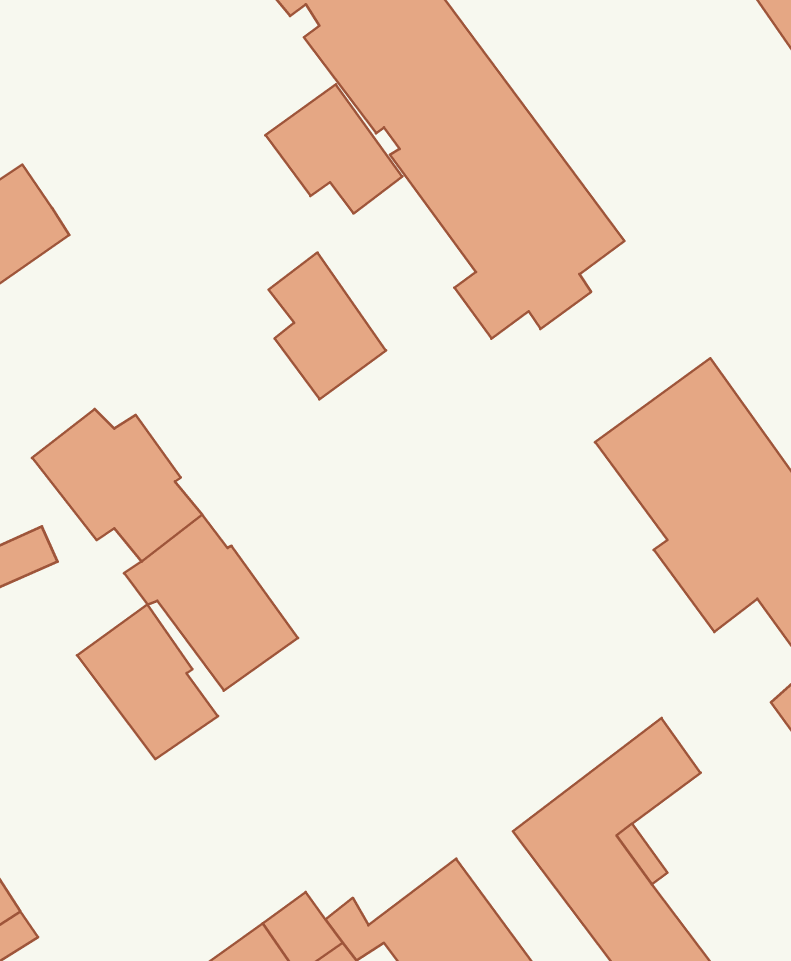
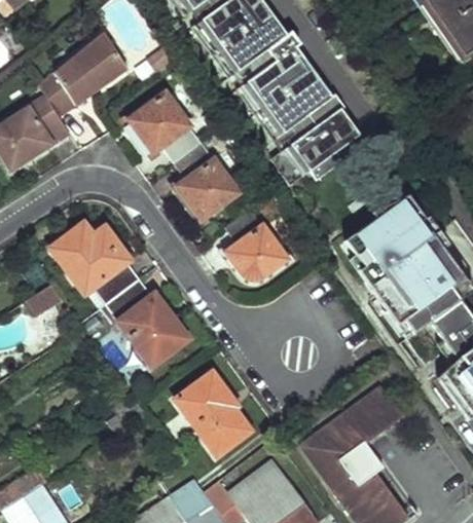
building: none -> [38,34,126,117]
building: [265,84,402,213] -> [129,92,201,160]
building: none -> [225,208,285,278]
building: [77,605,218,759] -> [177,373,251,454]

